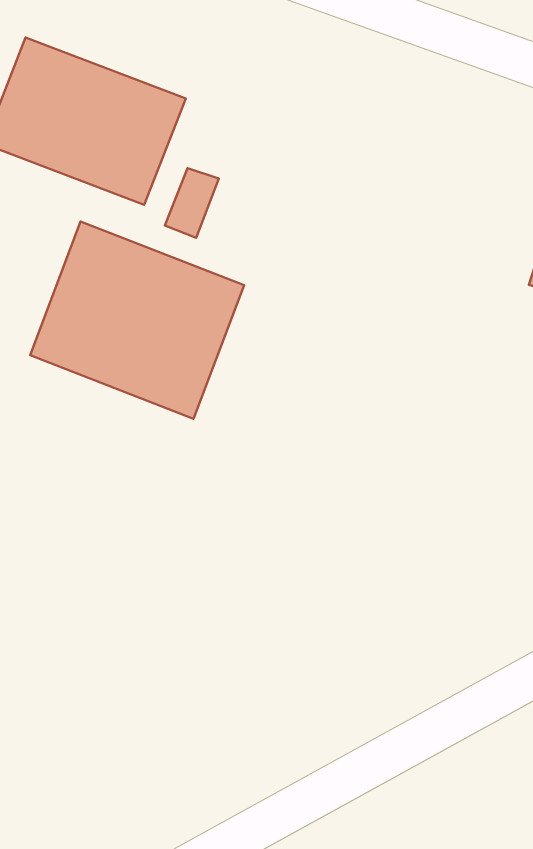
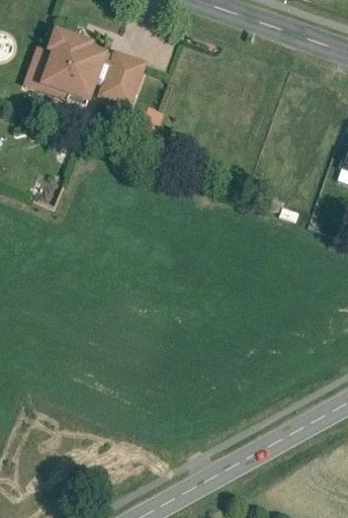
building: [30,221,244,419] -> none

